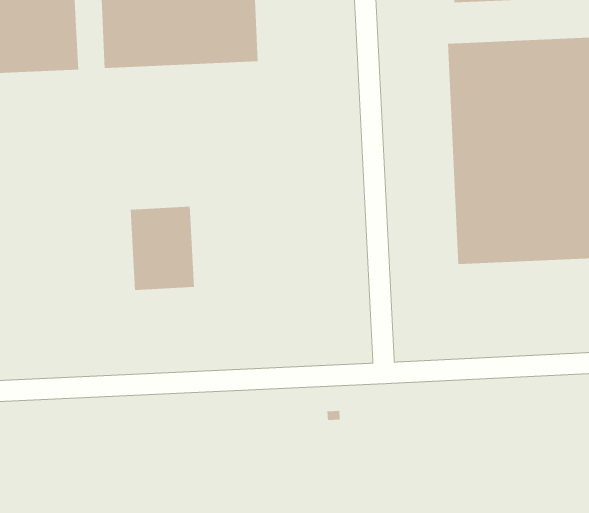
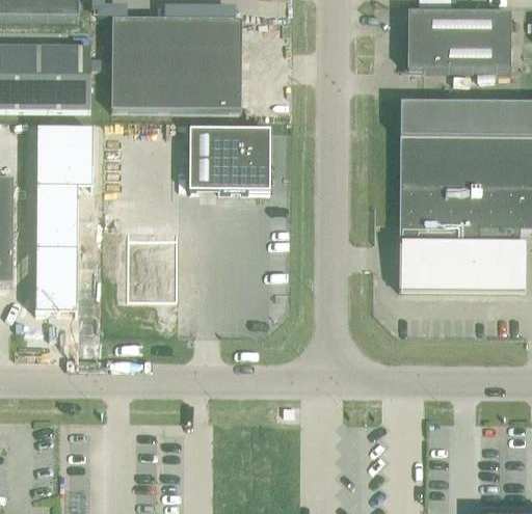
building: none -> [189,127,270,190]
building: none -> [35,126,92,310]

